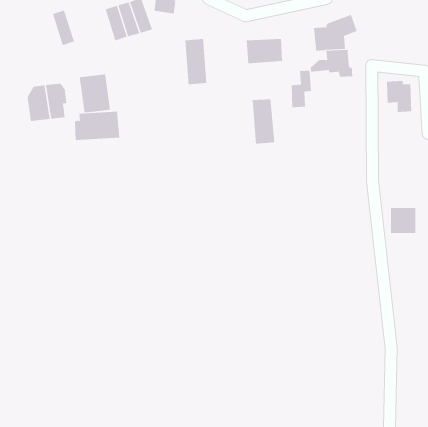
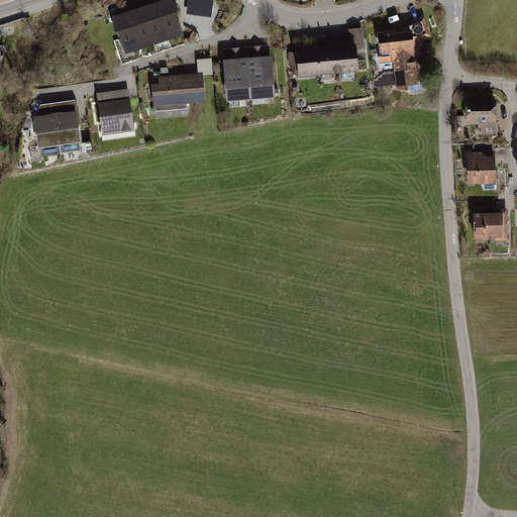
building: [52,10,75,46] -> [111,11,138,55]
building: [291,70,312,108] -> [339,28,365,74]
building: [252,99,275,144] -> [245,45,274,100]
building: [74,111,120,140] -> [150,72,206,107]
building: none -> [467,150,495,184]
building: [390,207,416,233] -> [475,210,506,241]

